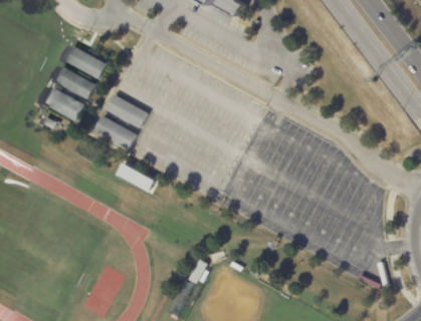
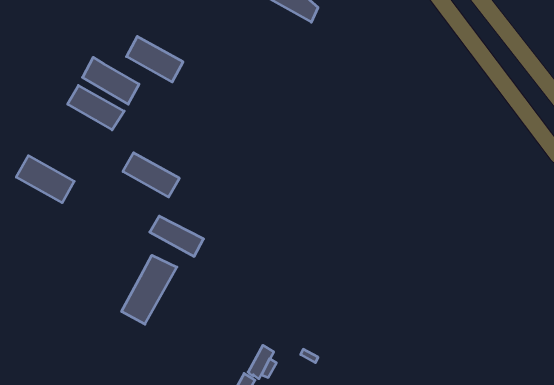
building: [42,85,85,120] -> [16,156,74,203]
building: [107,94,149,128] -> [126,36,183,82]
building: none -> [122,255,177,324]

